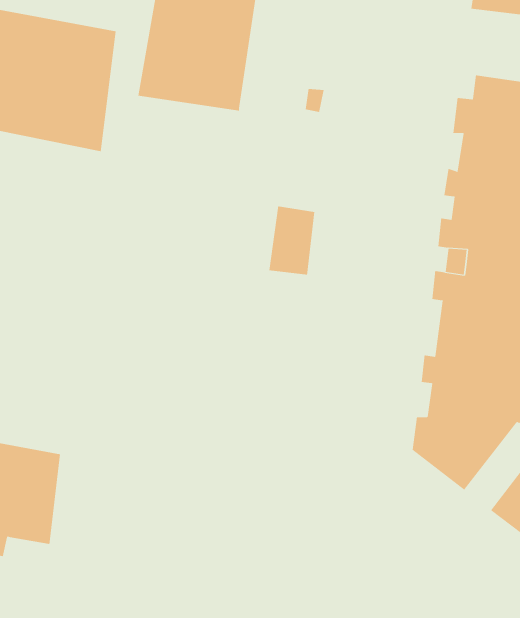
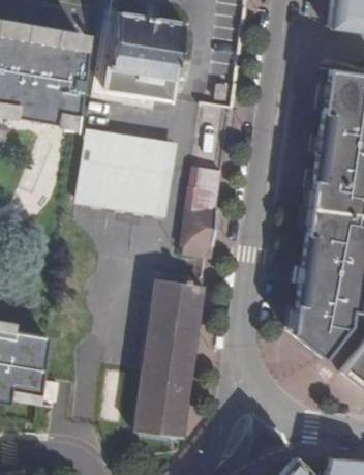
building: none -> [73,136,163,211]
building: none -> [185,208,217,256]
building: none -> [135,276,204,438]

